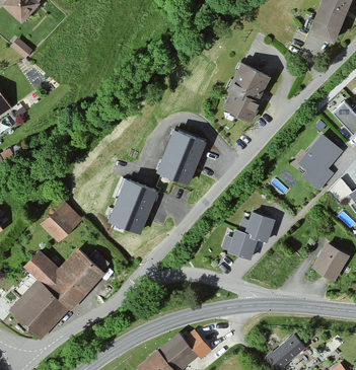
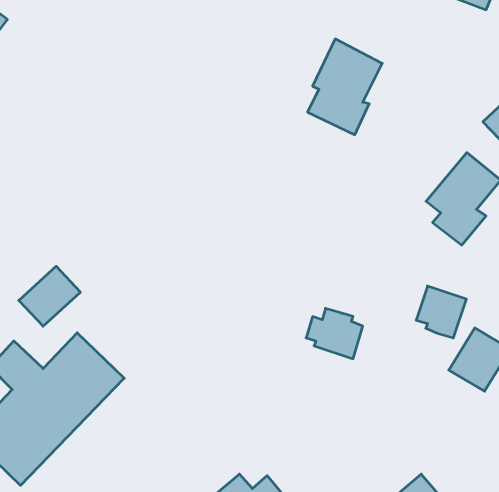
building: [157,134,206,190] -> none
building: [109,182,159,239] -> none
building: [243,211,275,243] -> [416,286,466,338]

